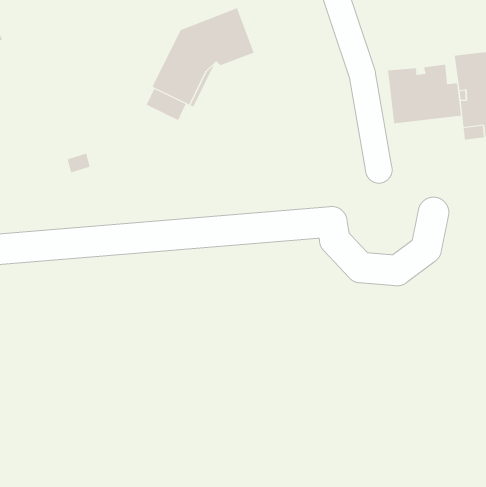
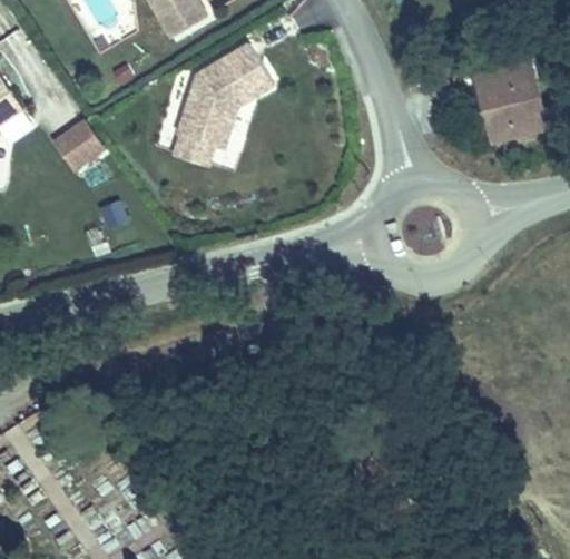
building: none -> [53,122,105,173]
building: [388,64,461,124] -> none

